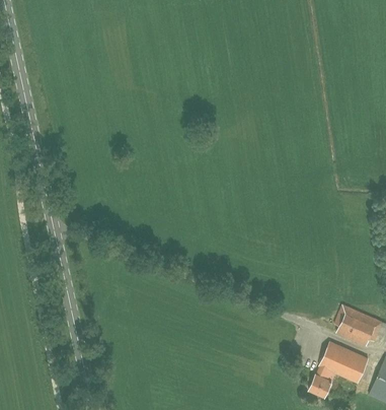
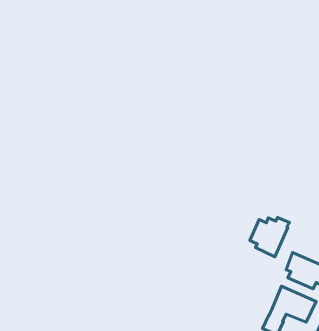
building: none -> [250,218,289,257]

